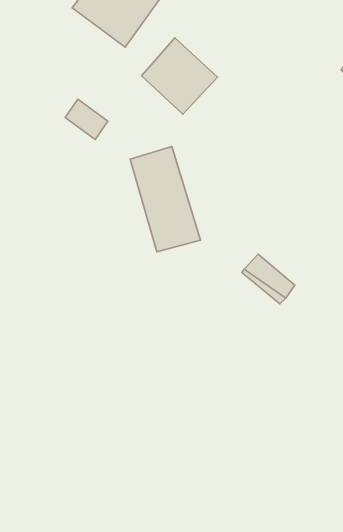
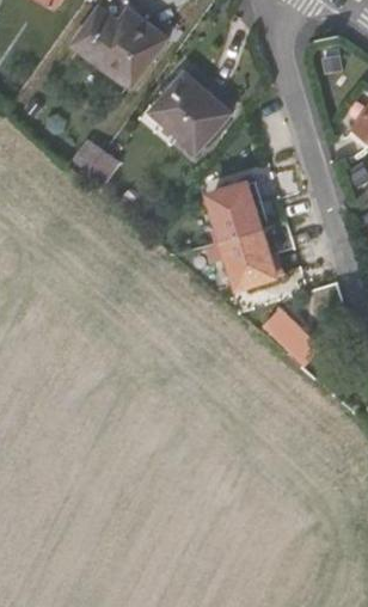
building: [130,147,201,252] -> [210,180,283,289]

